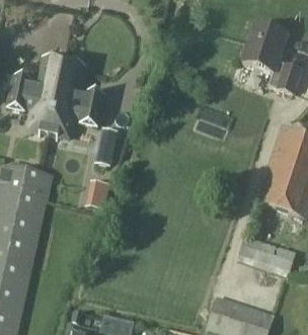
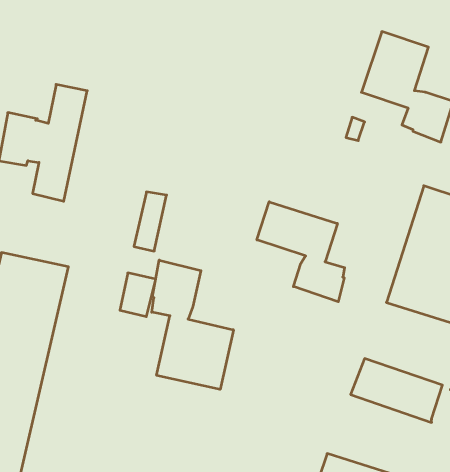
building: [49,61,104,137] -> none
building: none -> [257,202,345,302]
building: none -> [152,260,233,389]

